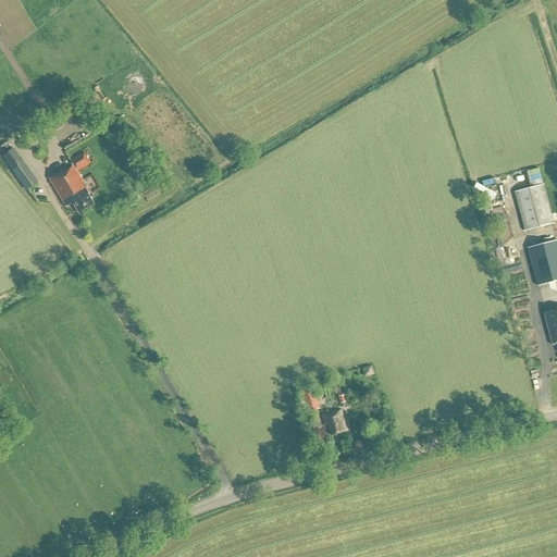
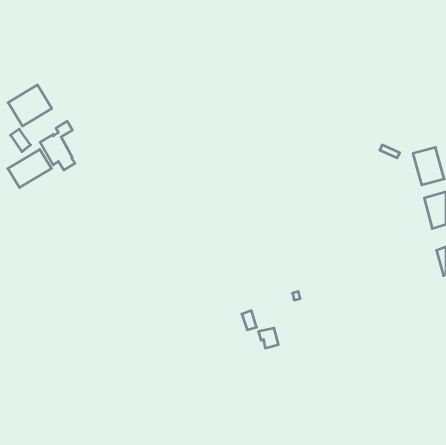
building: none -> [8,85,52,126]
building: none -> [8,149,52,188]

